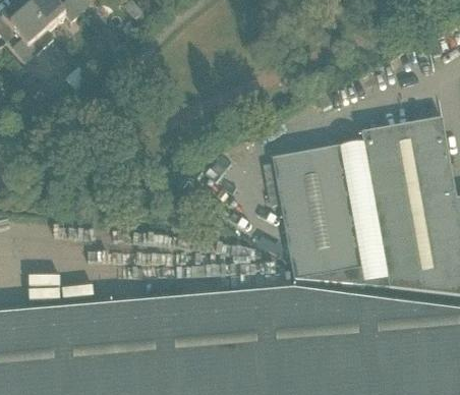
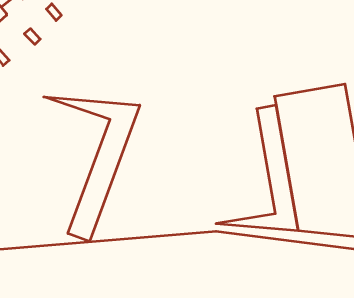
building: none -> [44,97,140,241]
building: [262,140,361,274] -> none

